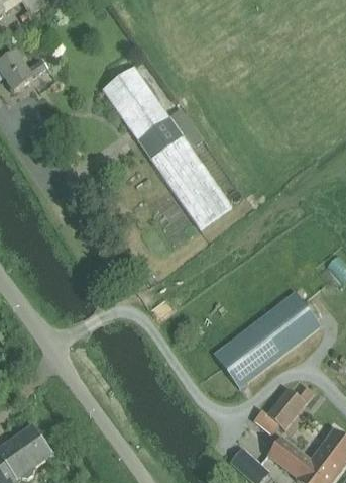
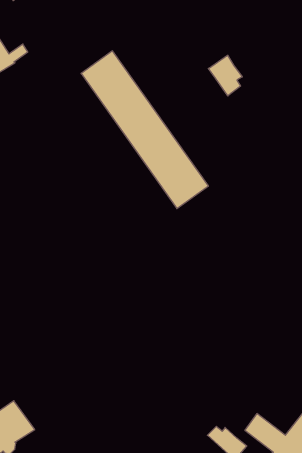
building: none -> [208,55,242,96]
building: [214,291,321,386] -> none
building: [254,379,315,432] -> none

